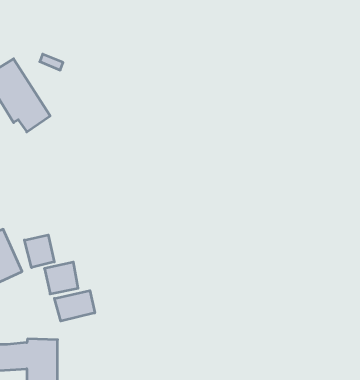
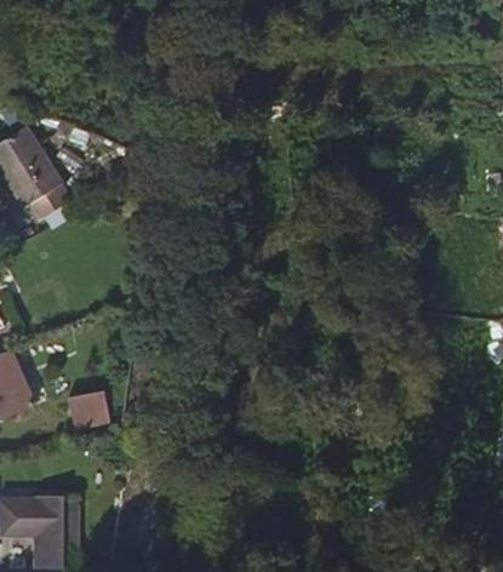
building: [24,235,54,268] -> none
building: [54,291,95,321] -> none

